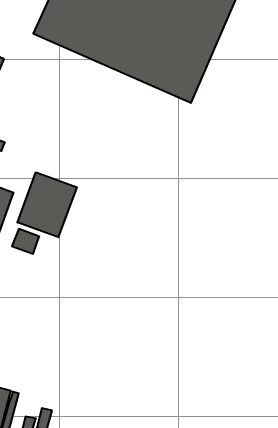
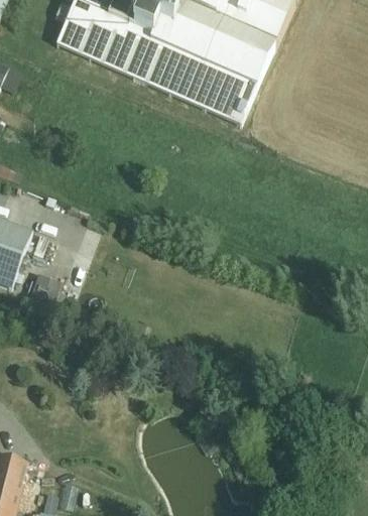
building: [17,172,77,237] -> none

